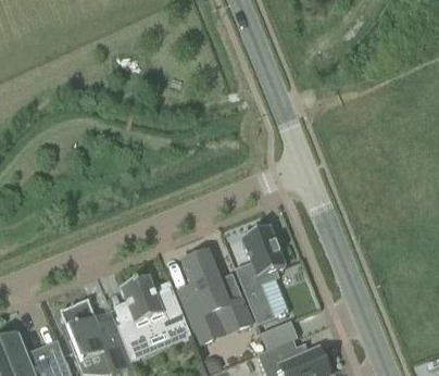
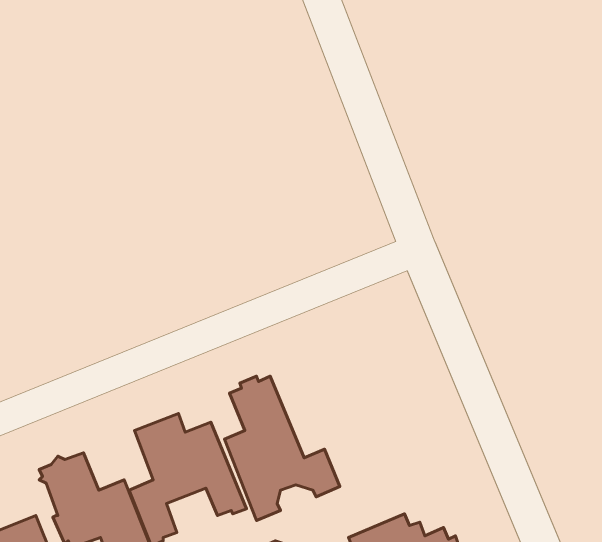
building: [234,226,287,324] -> none
building: [260,321,297,349] -> none

